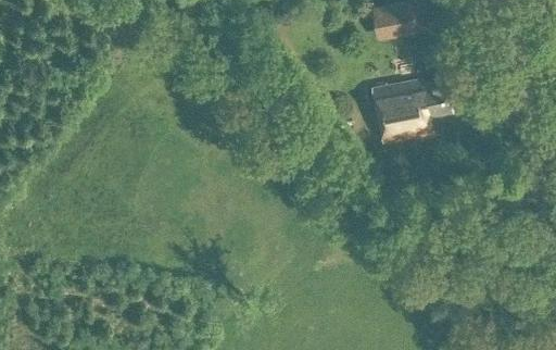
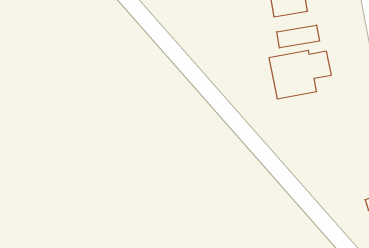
building: none -> [277,25,319,48]

